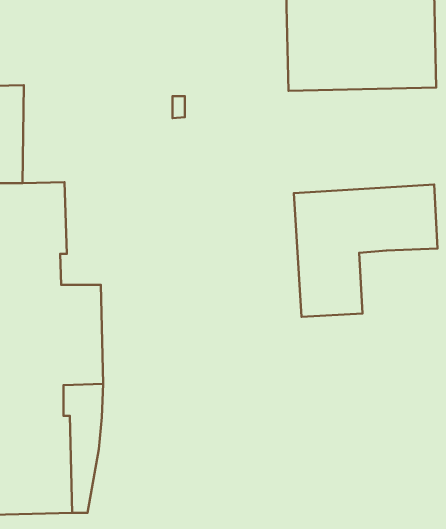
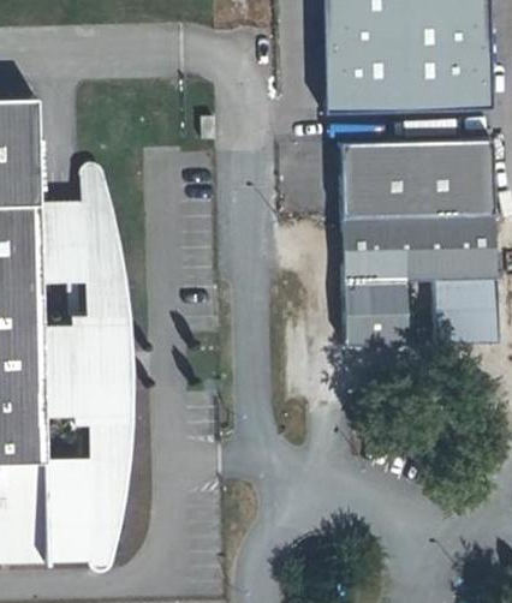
building: none -> [335,138,488,219]
building: none -> [81,179,125,318]
building: none -> [436,279,494,340]

